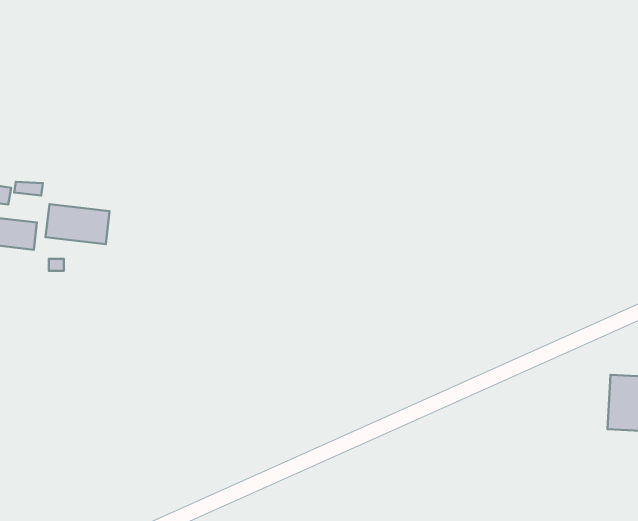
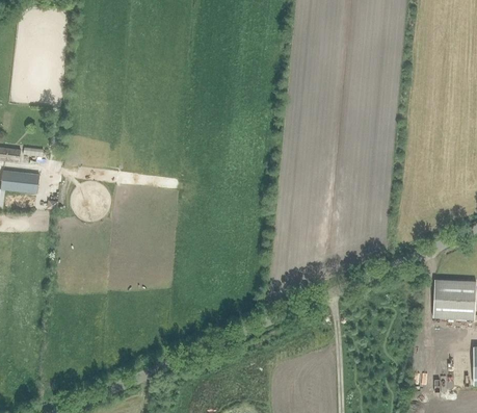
building: [46,204,110,244] -> none

